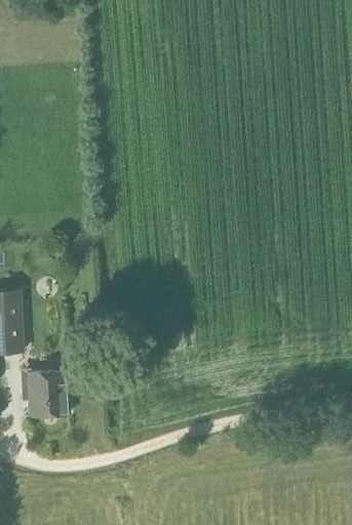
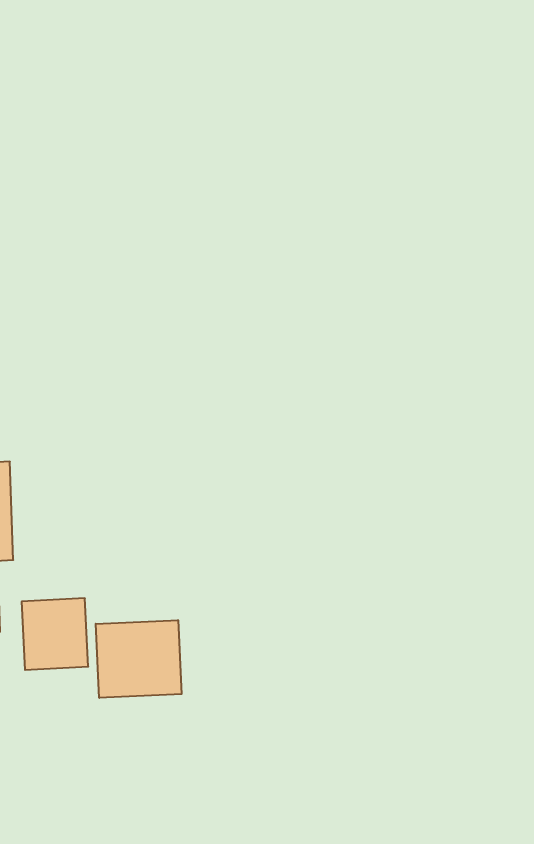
building: none -> [96,620,182,698]

